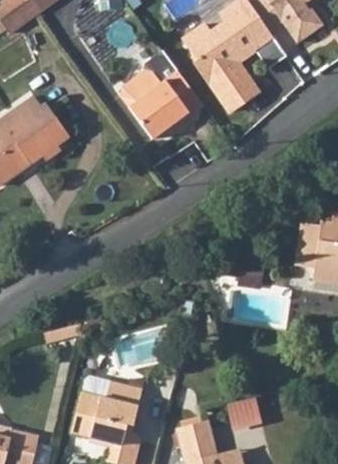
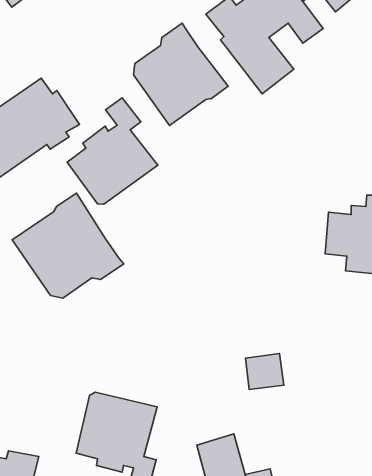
building: none -> [67,98,158,204]
building: none -> [12,193,124,298]
building: [230,394,264,426] -> [246,354,284,390]

